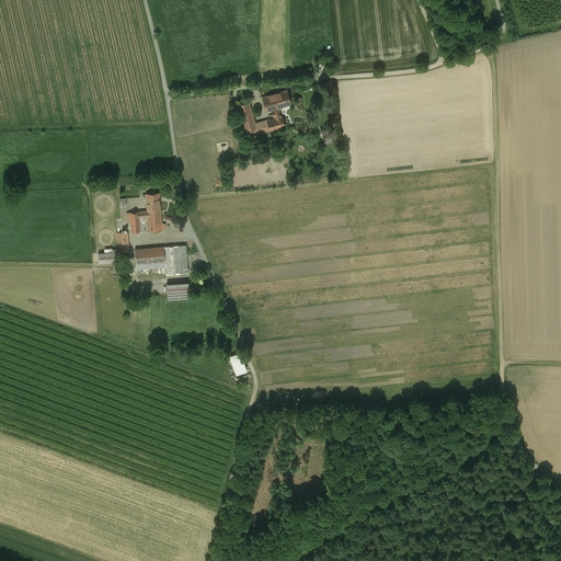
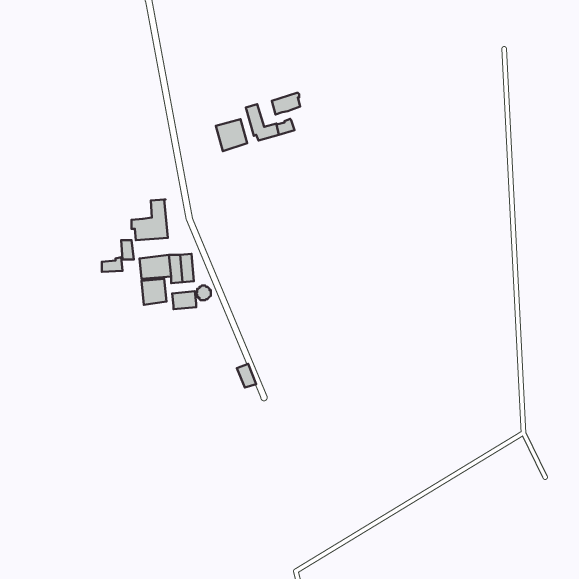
building: none -> [216,119,247,151]
building: none -> [142,279,166,305]

